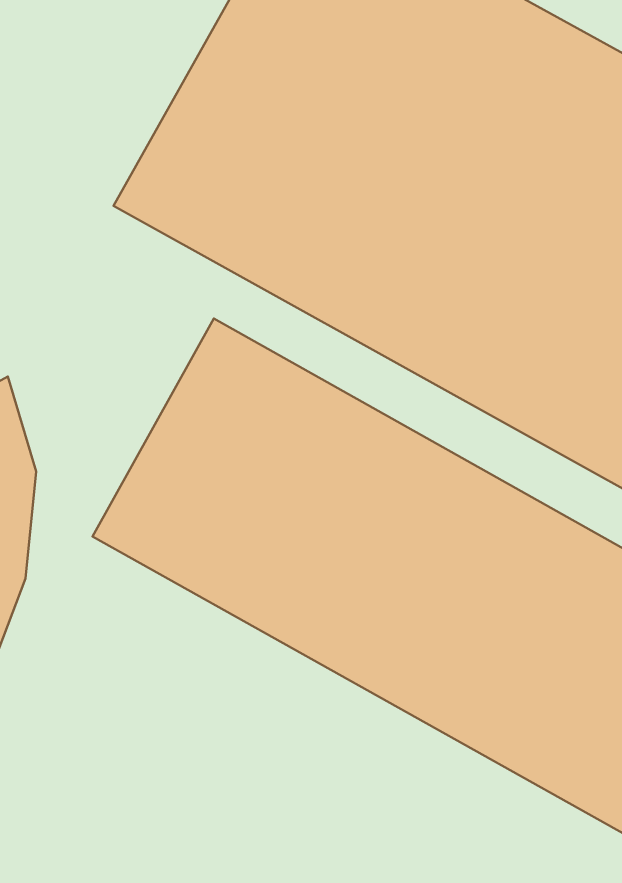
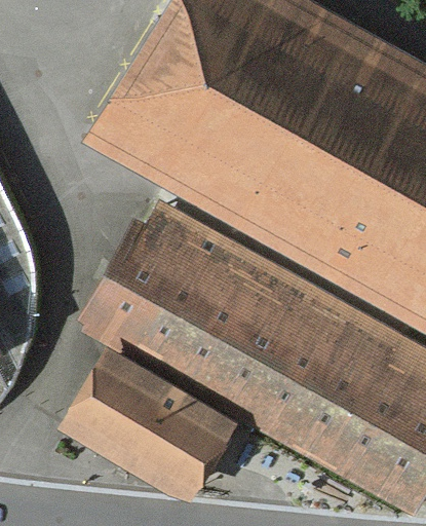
building: none -> [63,345,227,495]

